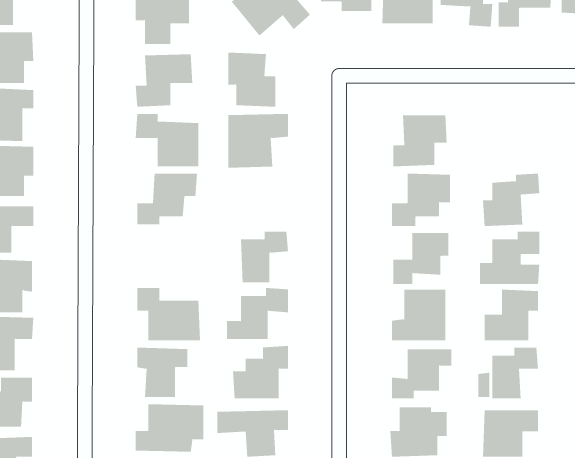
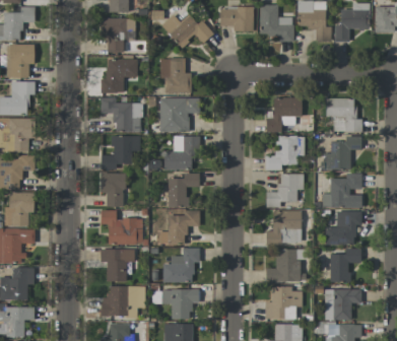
building: none -> [325,98,361,132]
building: none -> [162,136,199,170]
building: none -> [100,173,128,207]

